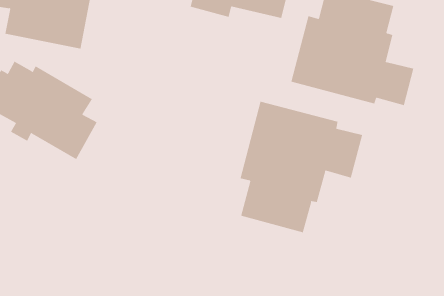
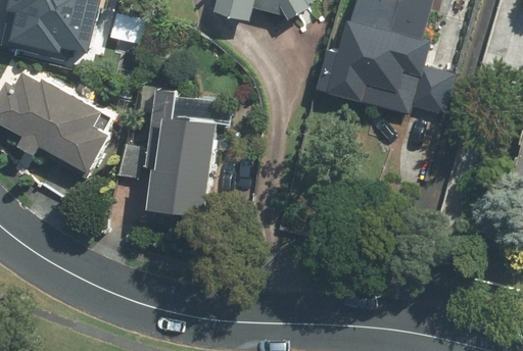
building: none -> [115,89,216,231]
building: [240,101,363,233] -> none

